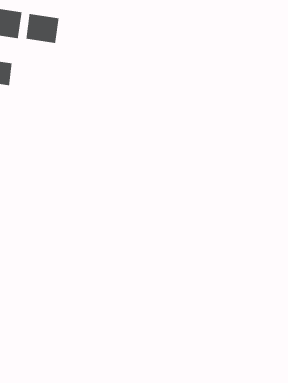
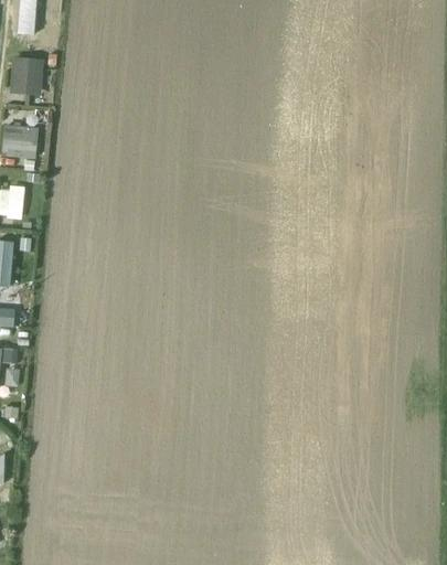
building: [25,13,60,44] -> none

